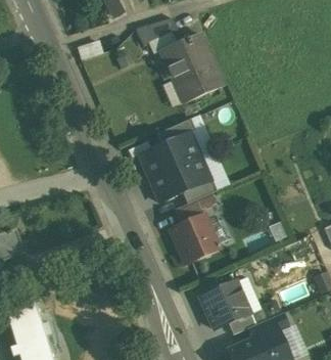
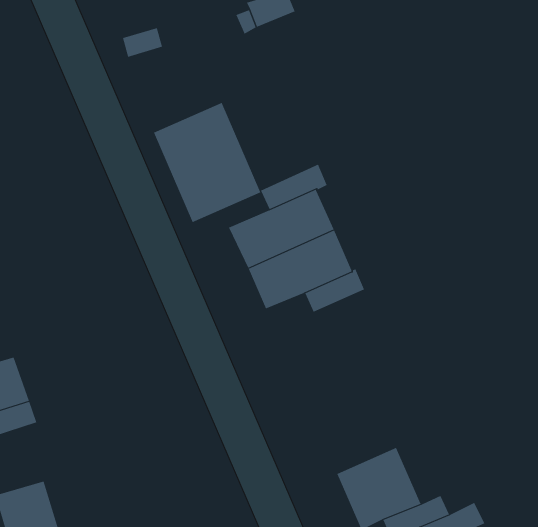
building: [159,32,222,101] -> [153,102,261,223]
building: [171,214,218,262] -> none

